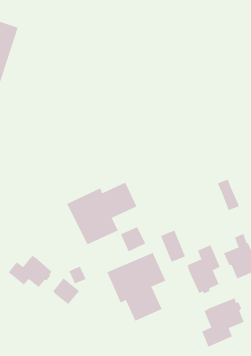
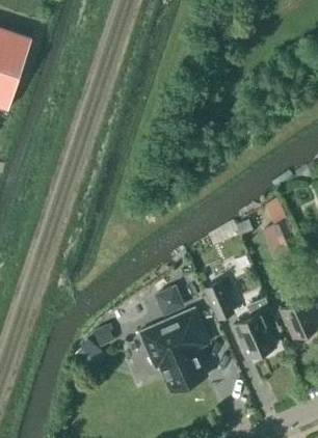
building: [67,182,137,245] -> none
building: [8,255,52,288] -> none
building: [201,298,245,347] -> none

